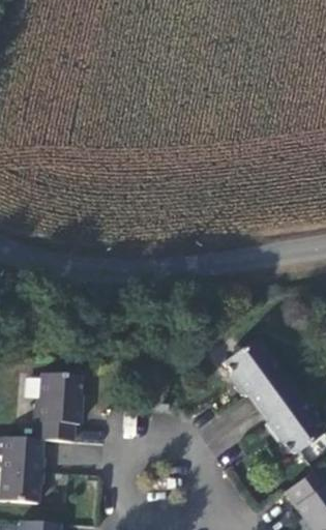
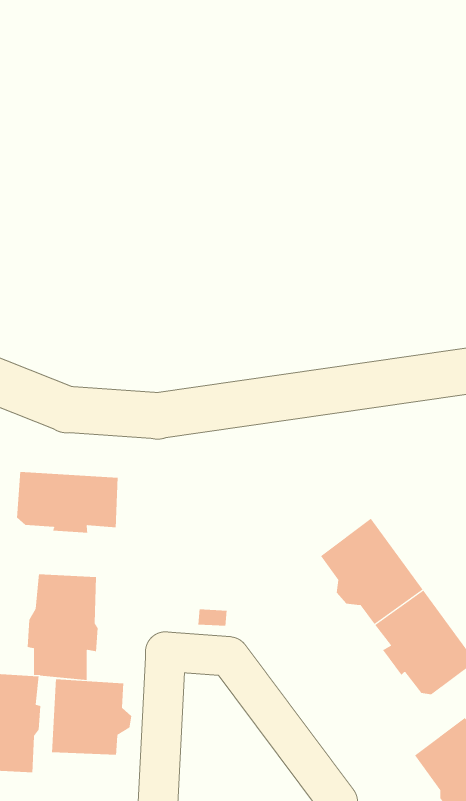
building: none -> [16,471,118,534]
building: none -> [52,679,132,756]

